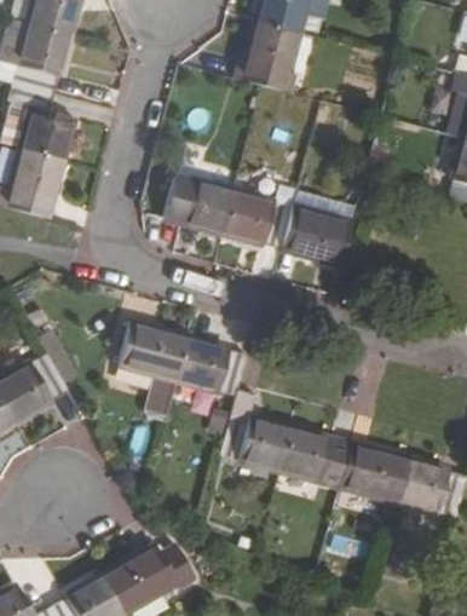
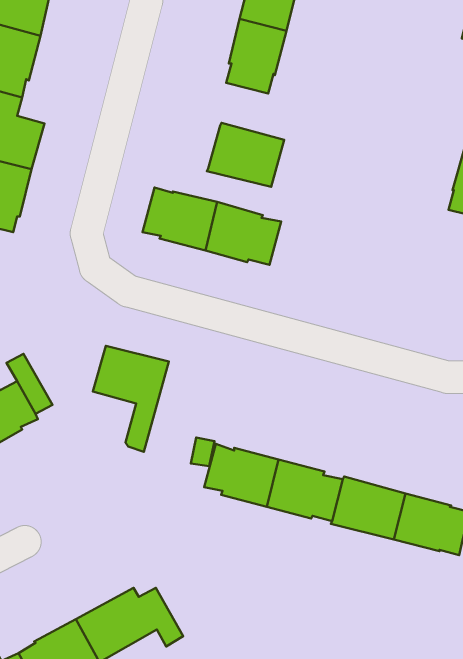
building: [282,205,353,264] -> [207,123,284,187]
building: [178,336,248,395] -> none

